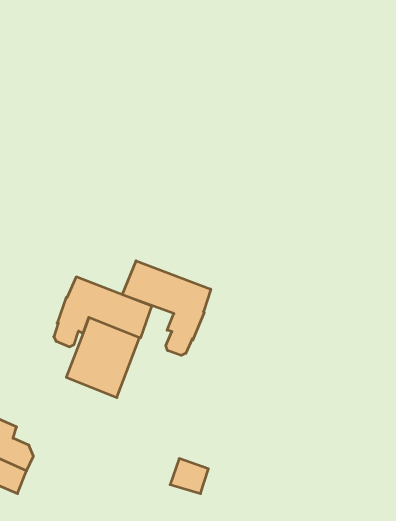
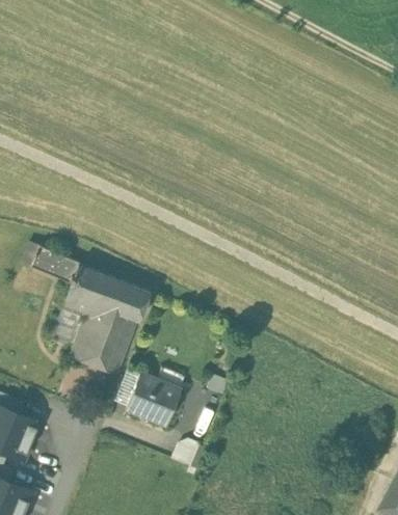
building: none -> [29,245,78,282]
building: [122,261,211,355] -> none
building: none -> [127,373,178,419]

